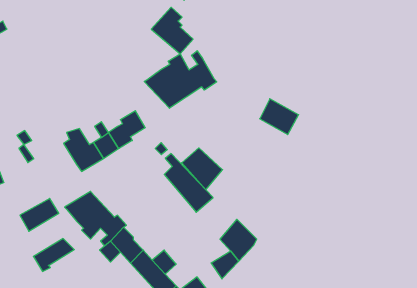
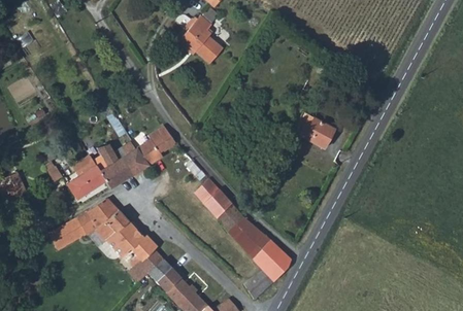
building: [144,51,217,108] -> none
building: none -> [66,153,104,197]
building: [182,148,223,190] -> [228,214,270,257]
building: [33,239,74,271] -> [76,197,119,231]

